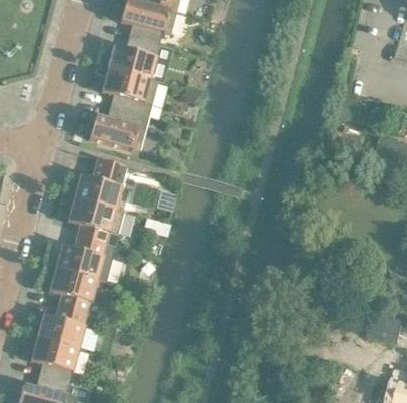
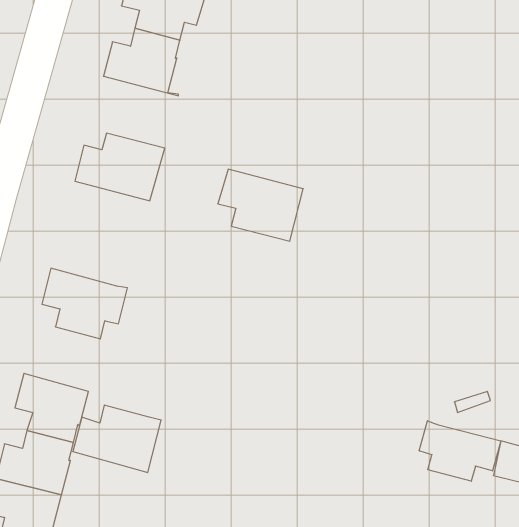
building: [101,68,158,116] -> [218,169,303,241]
building: [73,157,127,209] -> none
building: [55,236,114,281] -> [73,405,161,473]
building: none -> [419,421,501,481]

